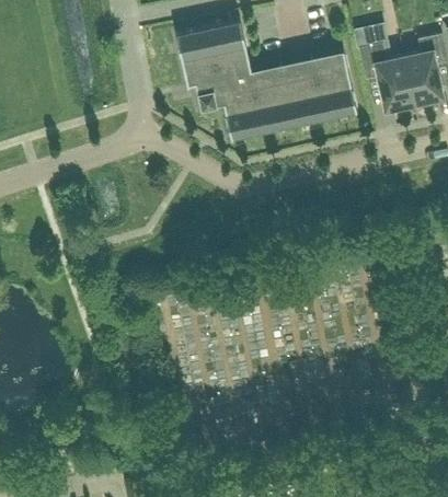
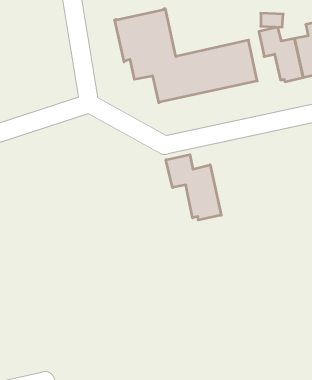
building: none -> [166,155,221,220]

